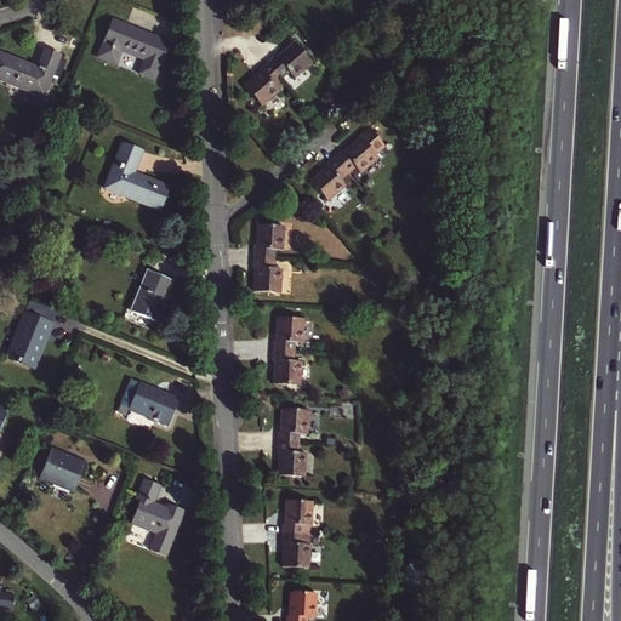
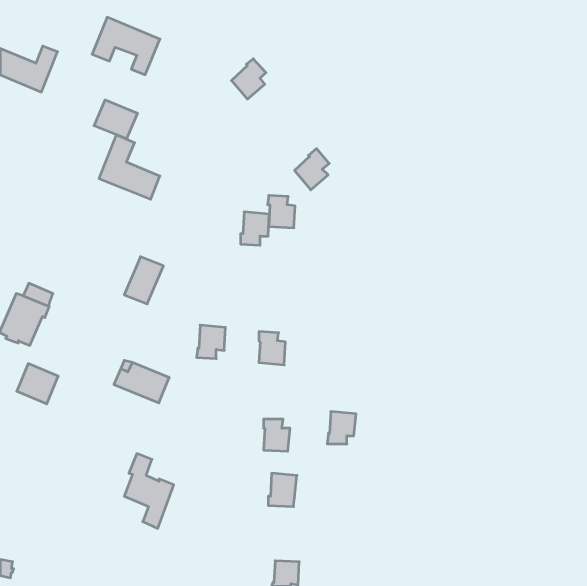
building: [268,41,312,76] -> none
building: none -> [94,100,137,139]
building: [335,126,386,172] -> none
building: [253,257,283,291] -> [268,195,295,228]
building: [274,315,304,351] -> [197,325,225,359]
building: [279,408,309,441] -> [327,412,356,444]
building: [41,448,85,490] -> [17,364,58,404]
building: [283,532,310,566] -> none

